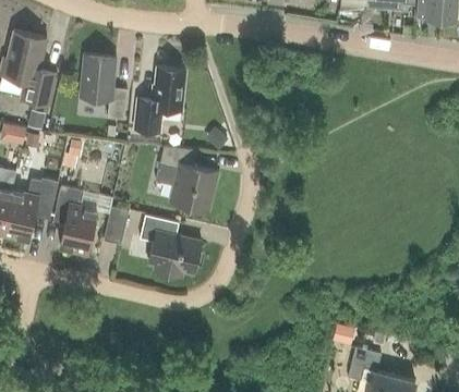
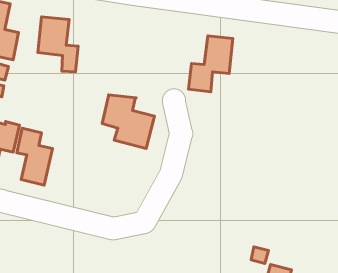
building: [134,65,186,132] -> [189,36,233,92]
building: [104,206,129,244] -> none
building: [140,215,202,275] -> none

